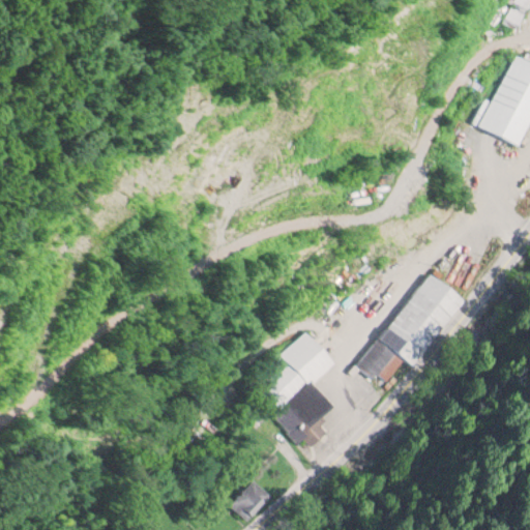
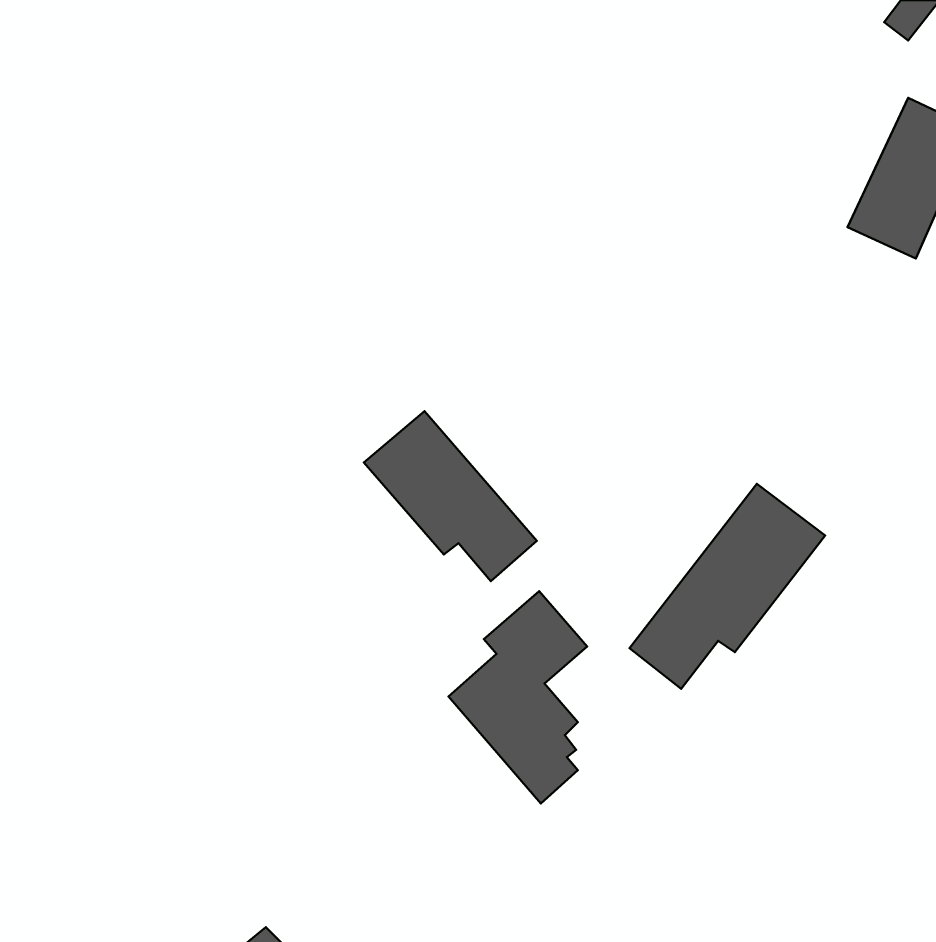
building: none -> [364,411,537,581]
building: [231,480,271,521] -> none

